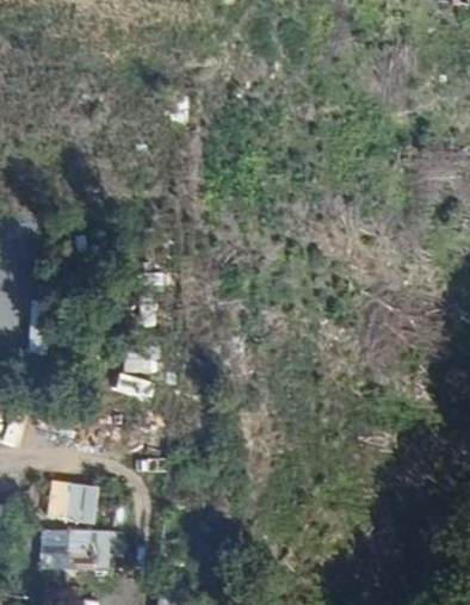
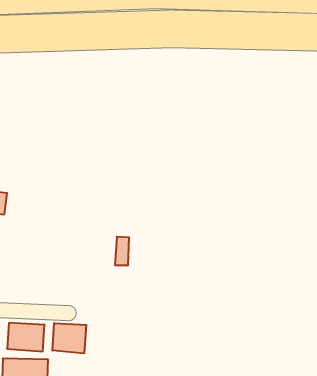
building: none -> [52,323,86,353]

